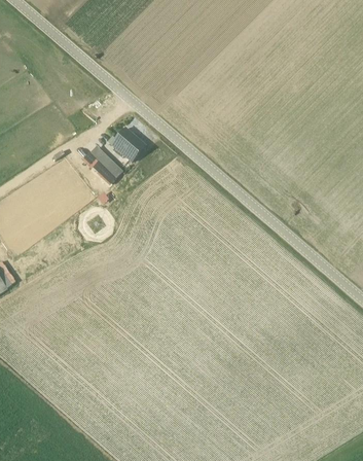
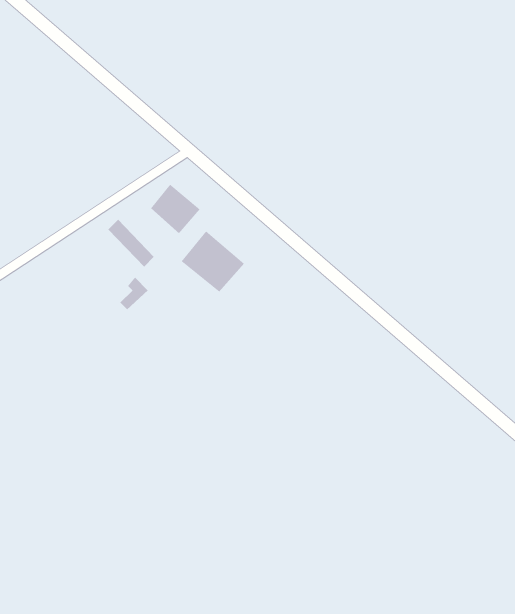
building: none -> [181,231,245,293]

